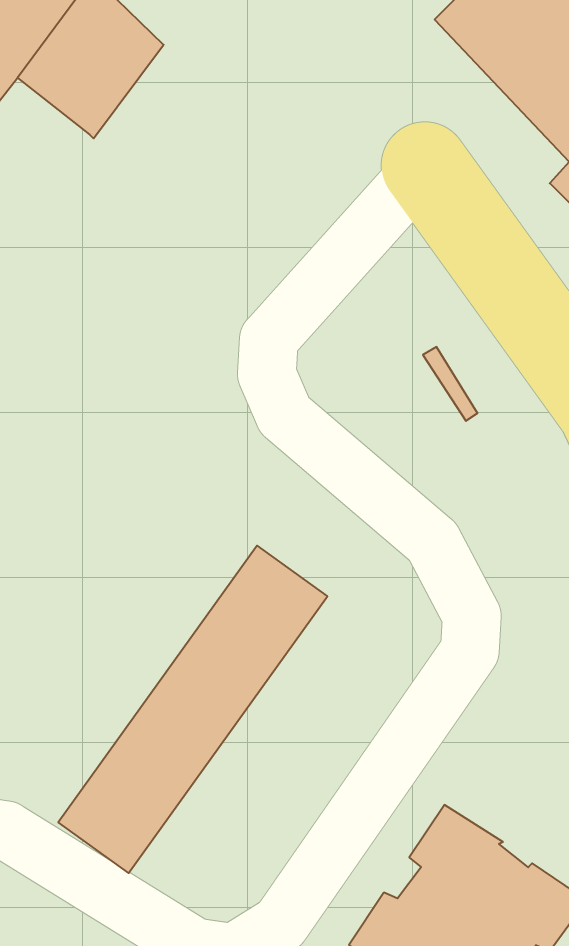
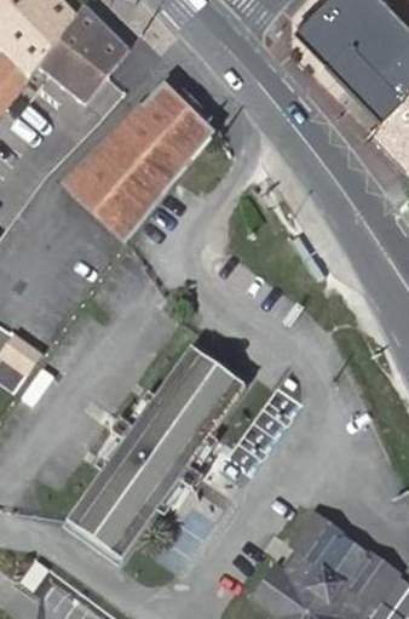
building: none -> [67,81,215,241]

